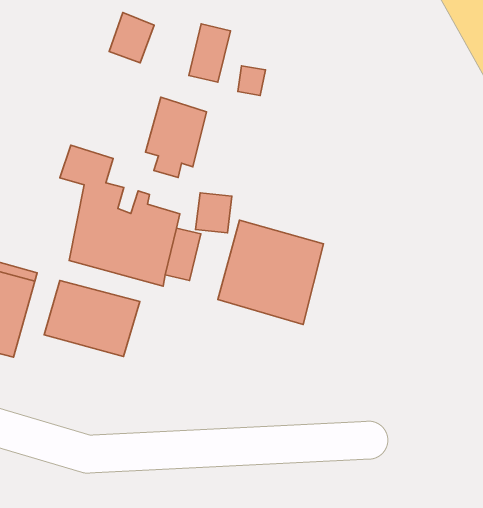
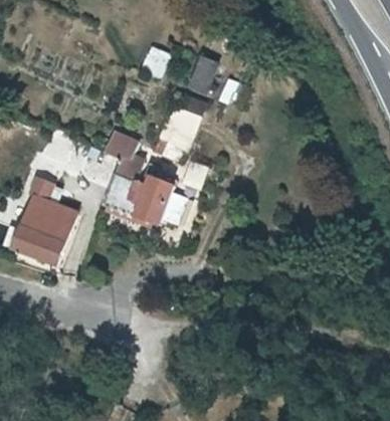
building: [218,220,323,324] -> none
building: [44,281,140,357] -> none

